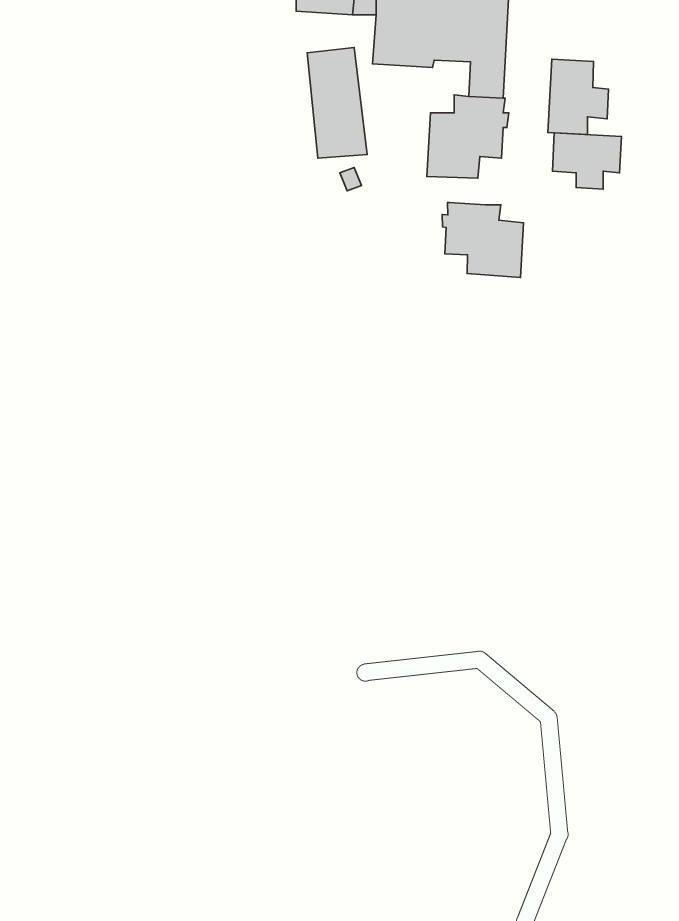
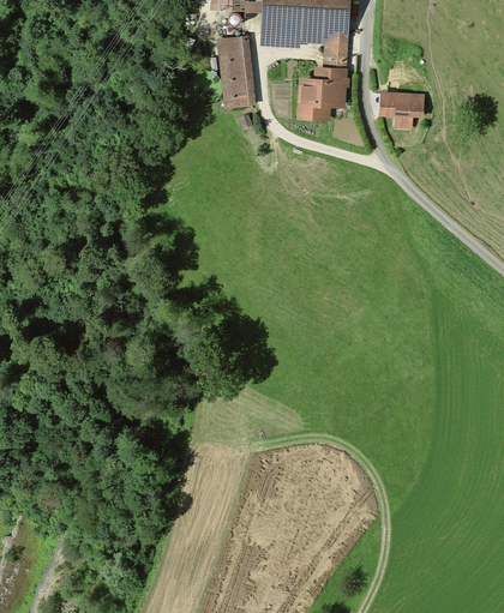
building: [548,59,608,135] -> none
building: [442,202,524,278] -> none

